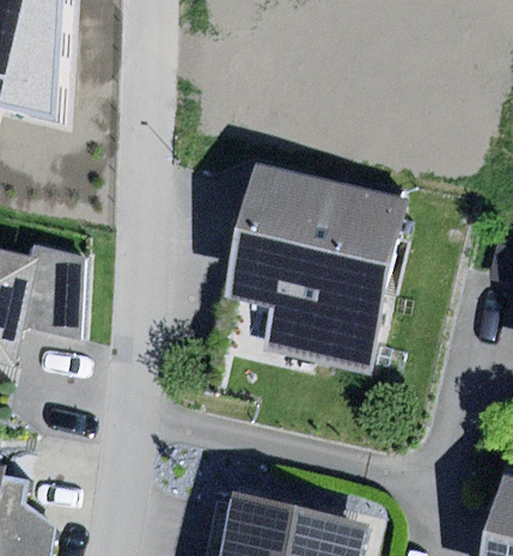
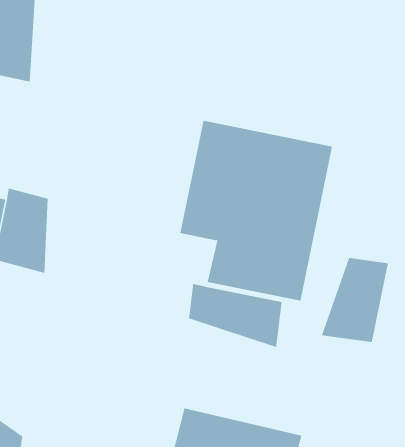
building: none -> [321,257,389,343]
building: none -> [188,283,282,348]

